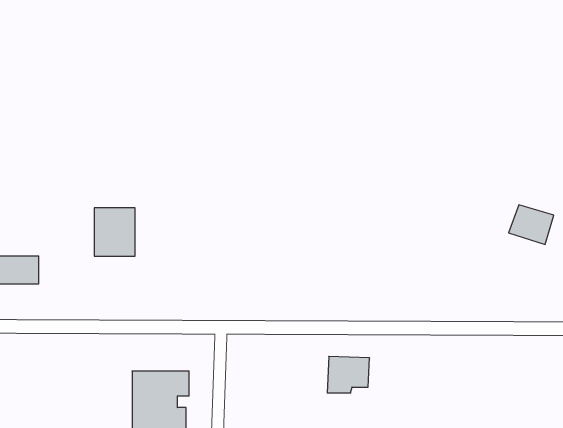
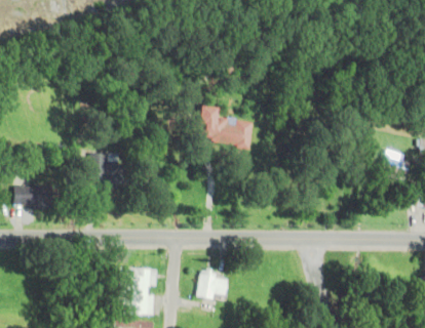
building: none -> [198,105,254,146]
building: [327,356,370,393] -> [199,273,229,298]

